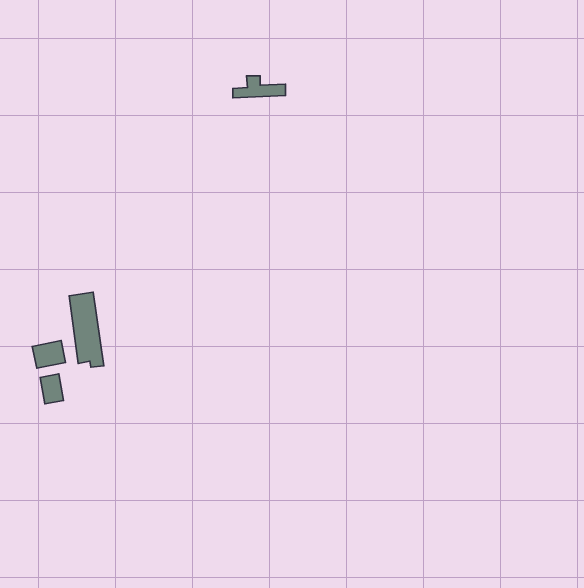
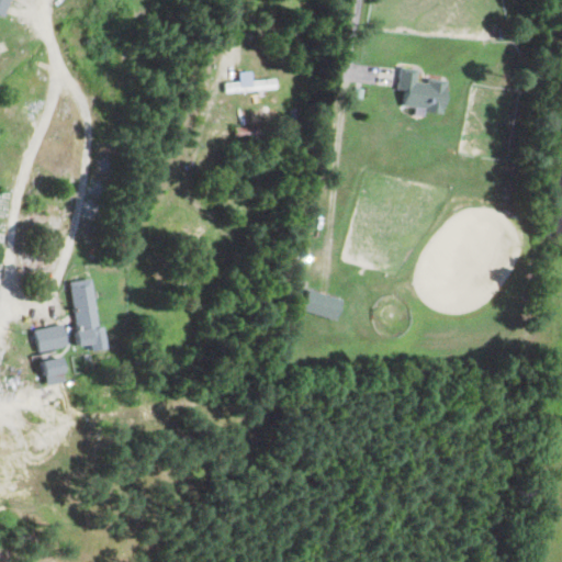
building: none -> [398,68,447,113]
building: none -> [304,290,342,321]

